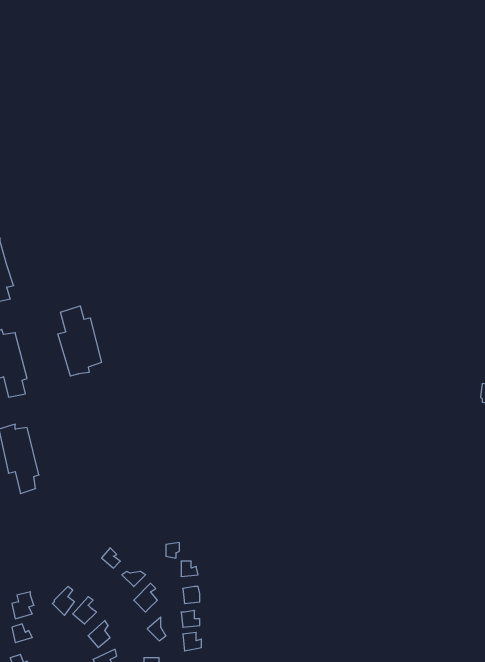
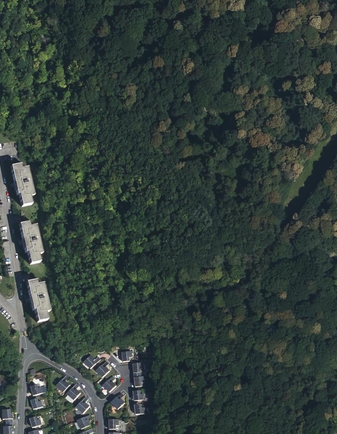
building: [58,306,102,376] -> none

